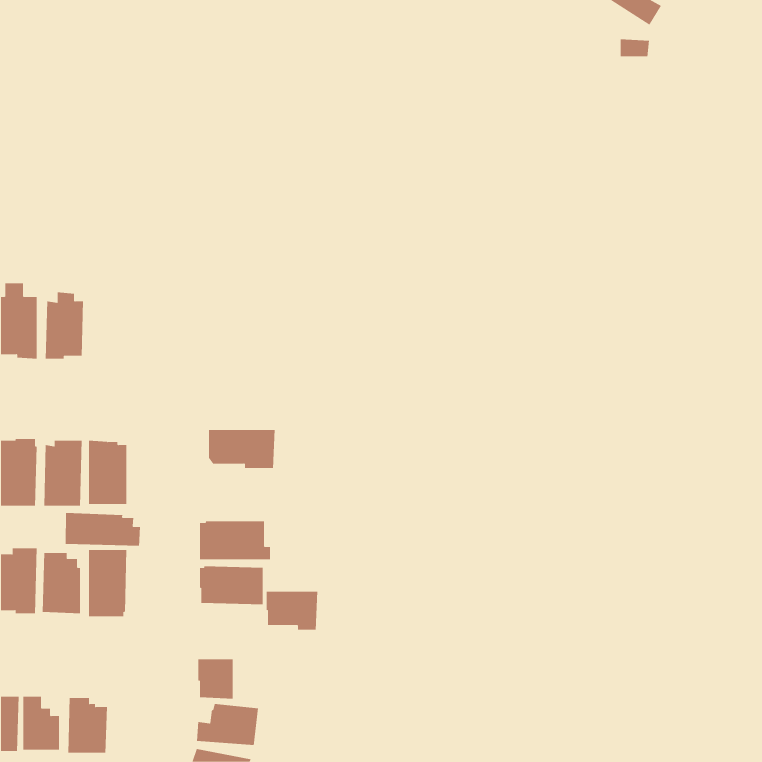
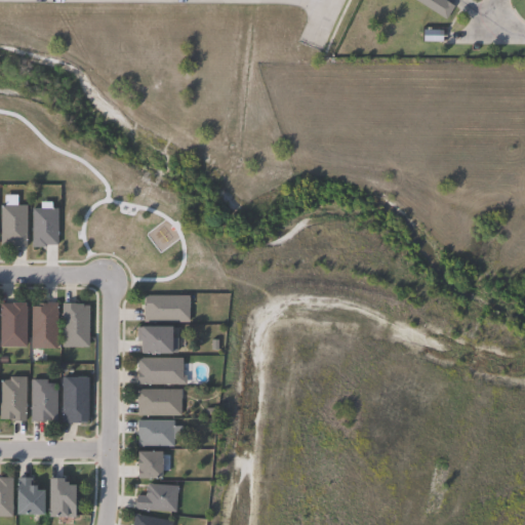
building: none -> [137,326,178,353]
building: [65,512,141,547] -> none
building: [266,591,318,630] -> [138,419,174,446]

